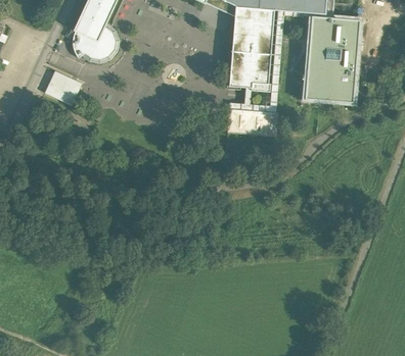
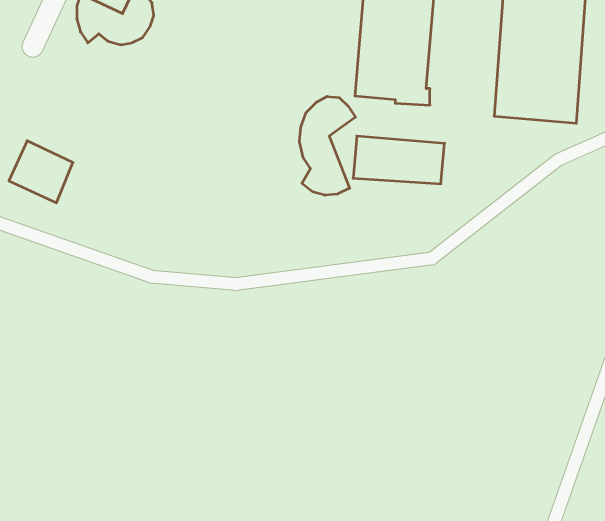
building: [45,70,81,105] -> [9,141,73,203]
building: none -> [299,96,355,195]

